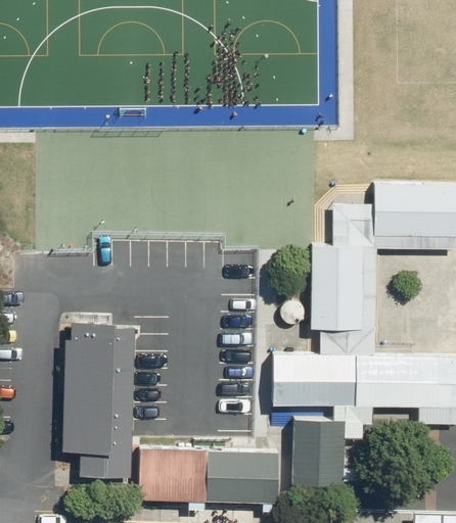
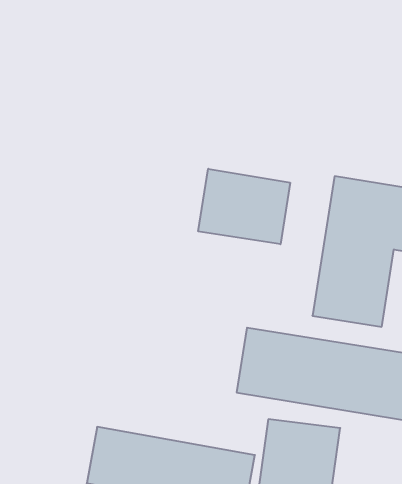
building: none -> [198,169,290,244]
building: [62,327,136,478] -> none

